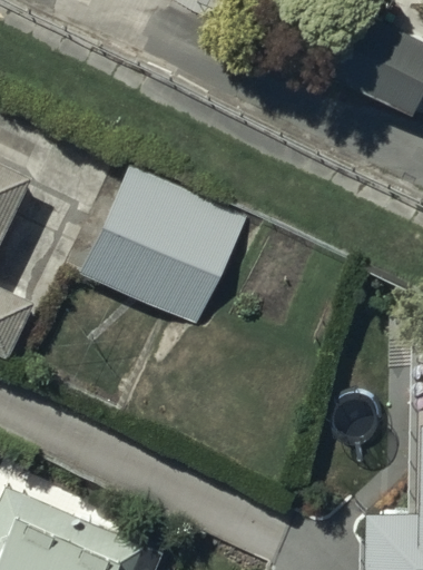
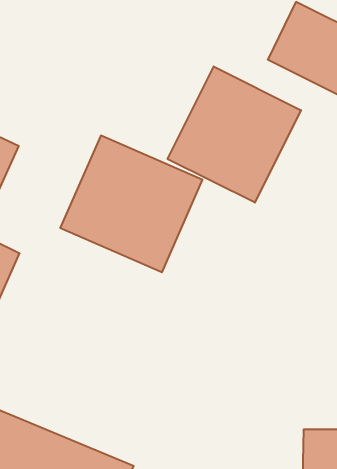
building: none -> [168,66,301,203]

